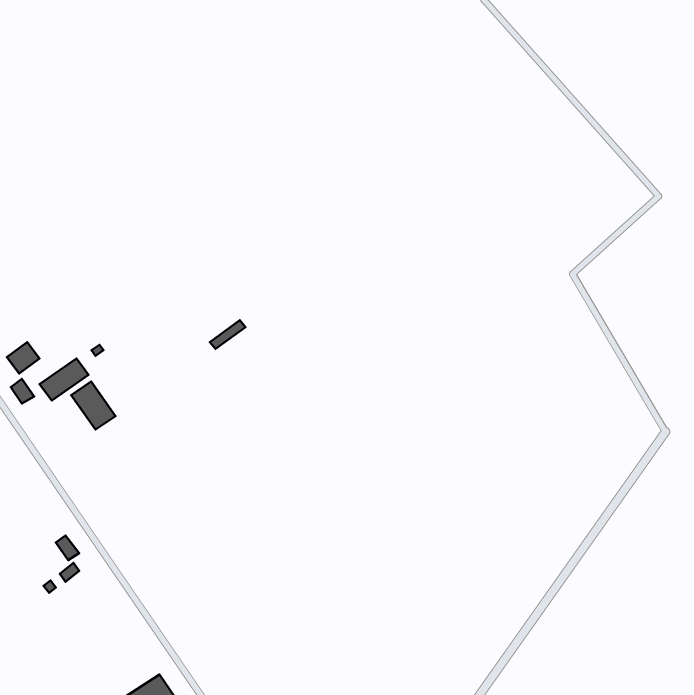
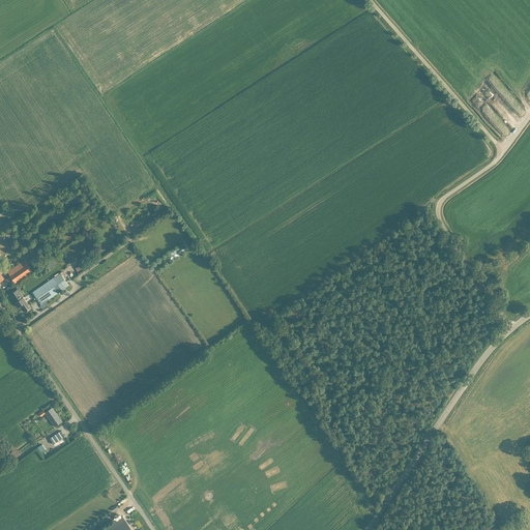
building: [71,382,116,430] -> none

